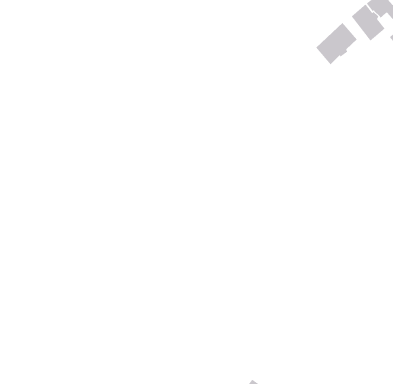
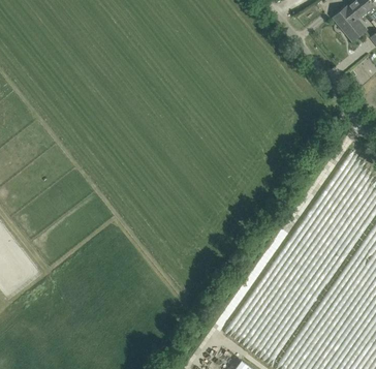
building: [316,22,358,65] -> none

